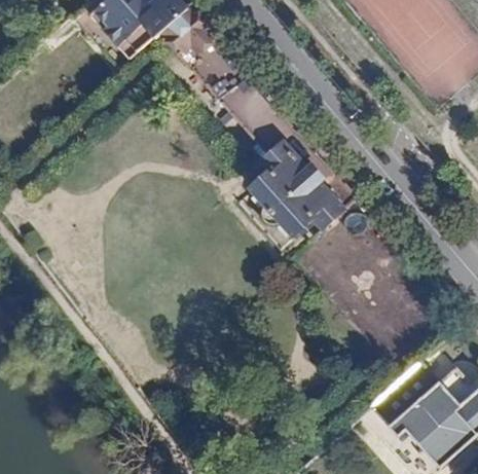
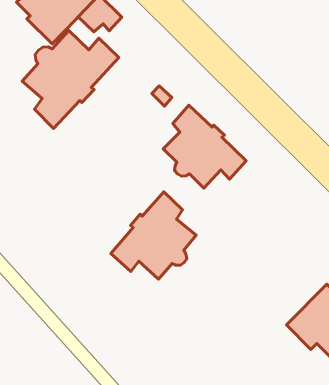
building: none -> [22,31,119,129]
building: none -> [111,192,196,279]

